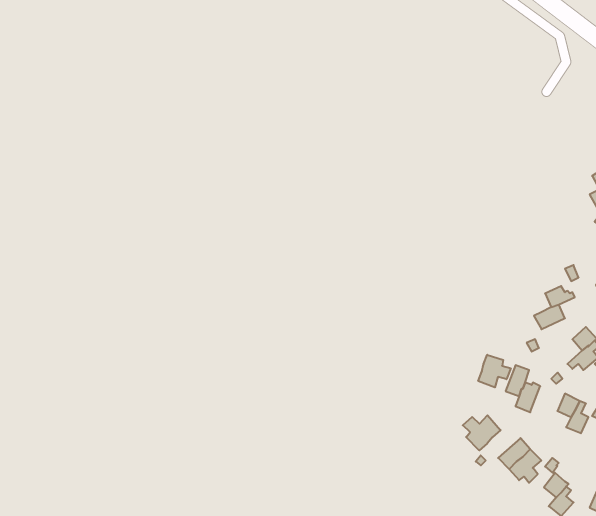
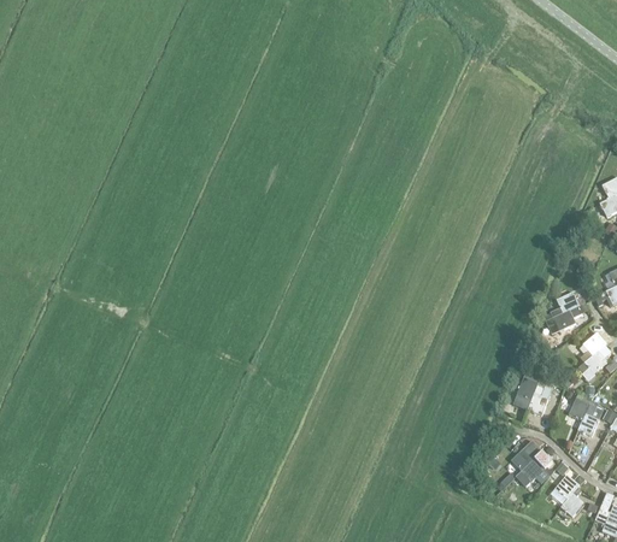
building: [478,355,511,387] -> none
building: [463,415,501,450] -> none

